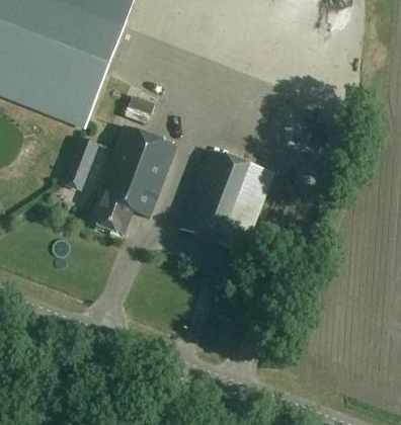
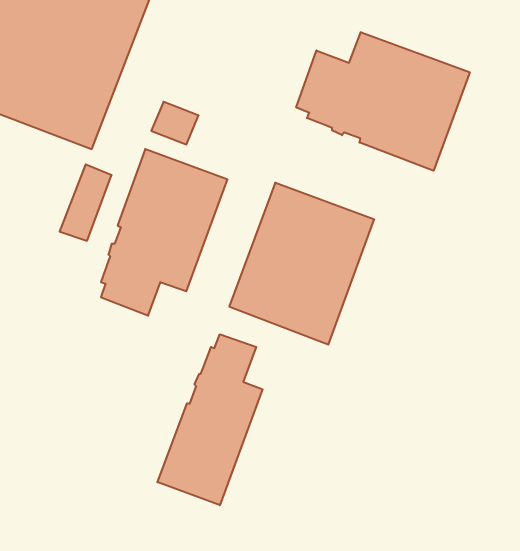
building: none -> [296,32,470,171]
building: none -> [157,334,263,505]

